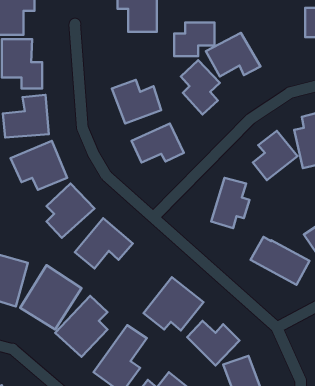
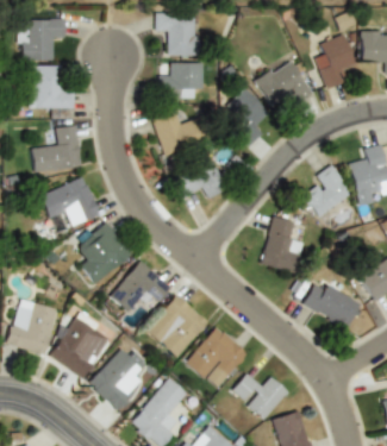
building: none -> [314,33,355,89]
building: [174,22,215,56] -> [158,63,202,100]
building: none -> [143,294,210,360]

